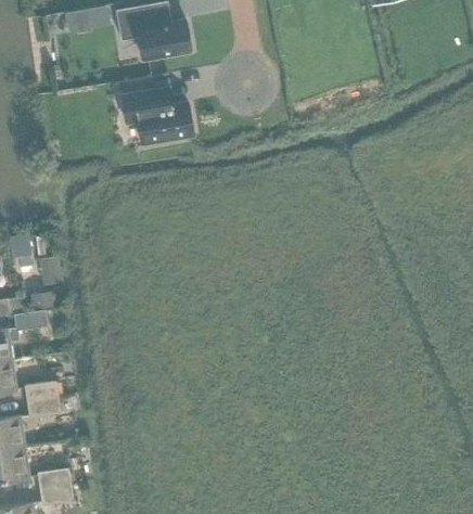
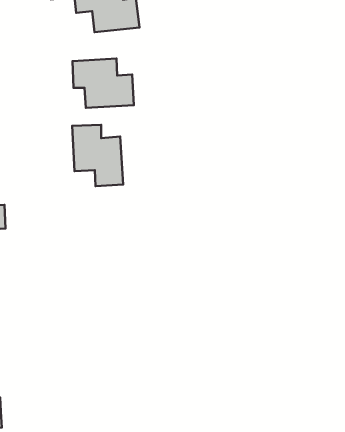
building: none -> [72,125,123,186]

